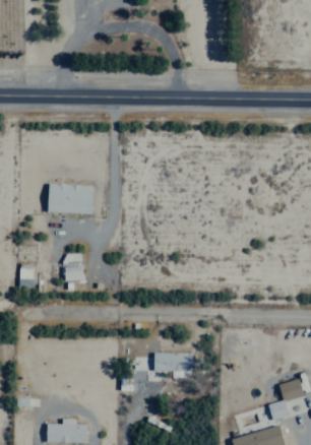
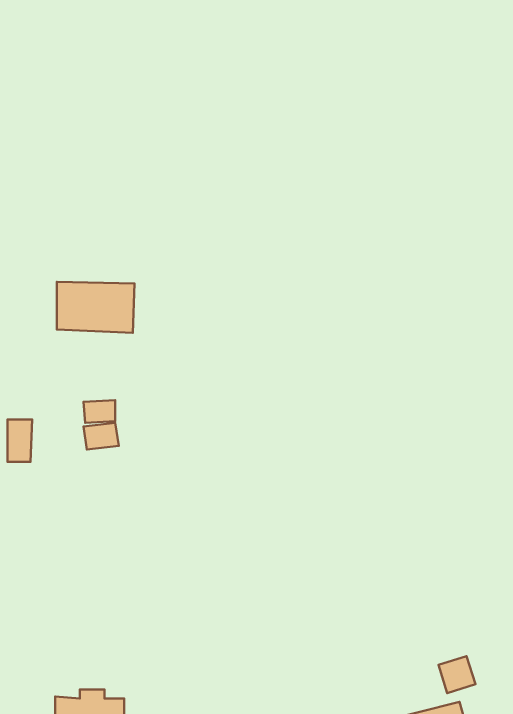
building: [153,353,192,377] -> none
building: [278,379,304,401] -> none

